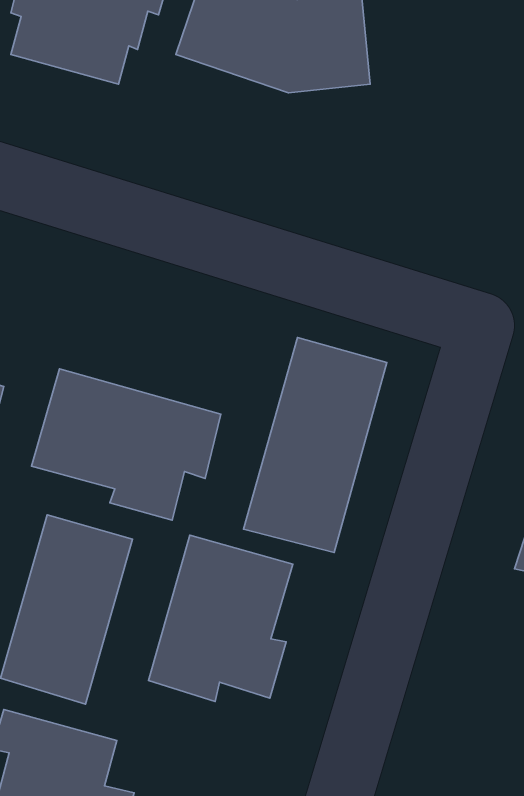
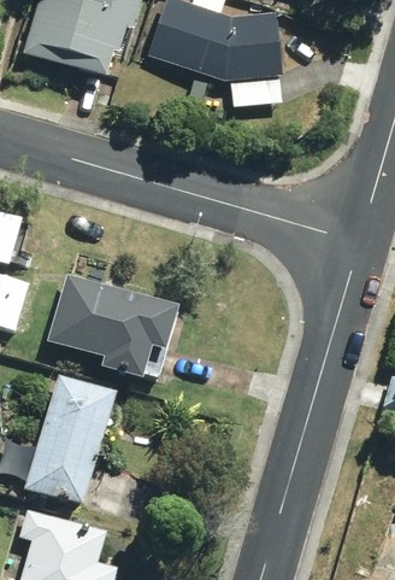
building: [244,337,387,552] -> none
building: [148,535,293,702] -> none

